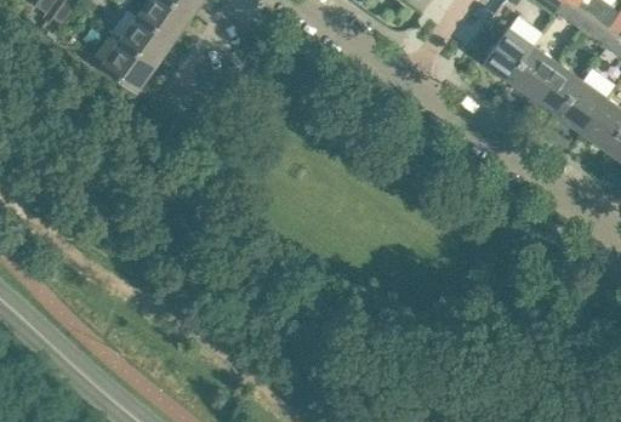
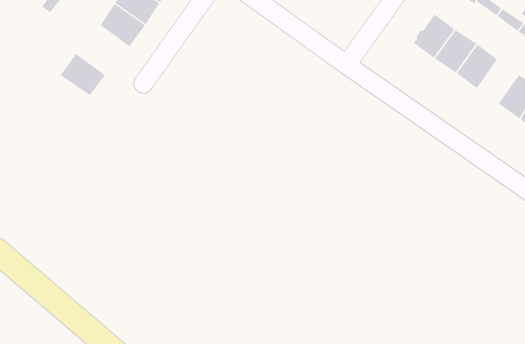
building: [101,40,154,90] -> [60,53,106,96]
building: [557,80,605,131] -> none

